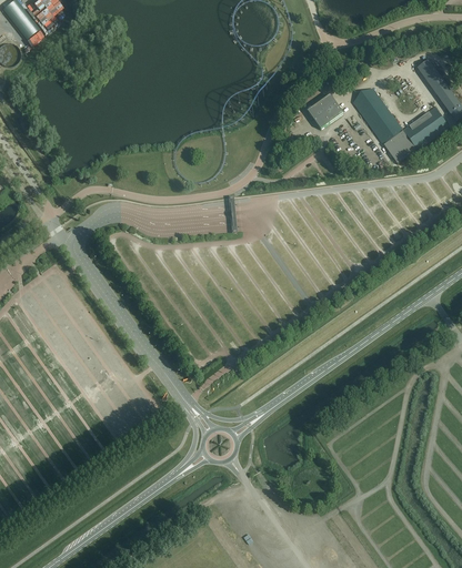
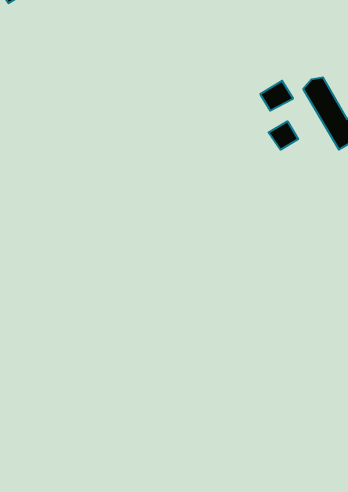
building: none -> [269,121,298,150]

